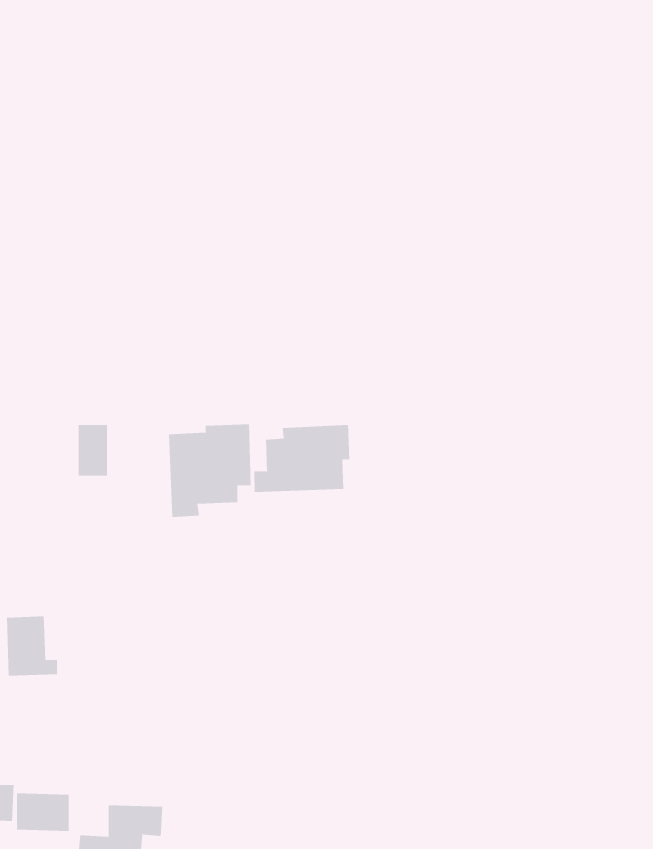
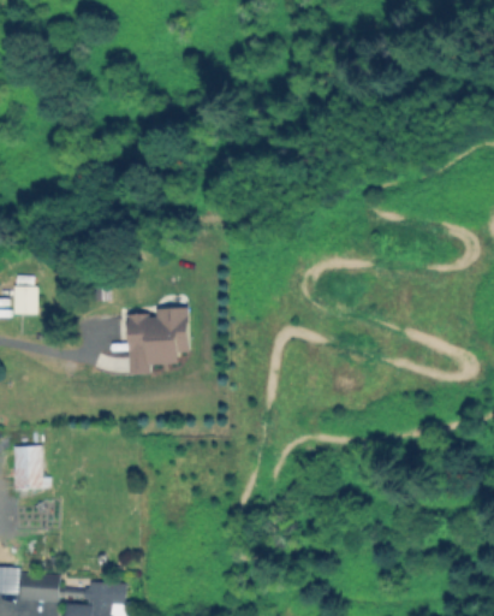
building: [254,424,350,493] -> none
building: [78,424,108,476] -> [14,277,36,314]

